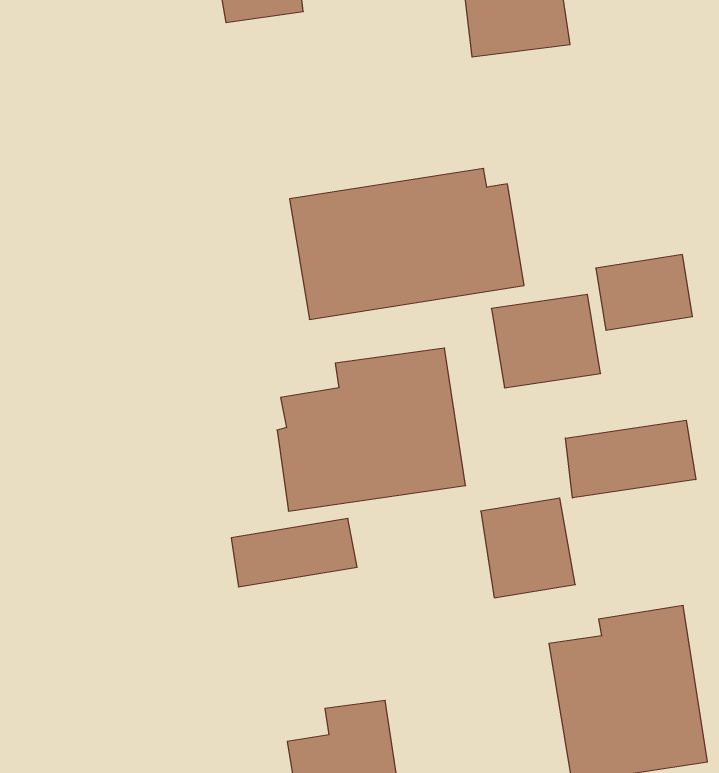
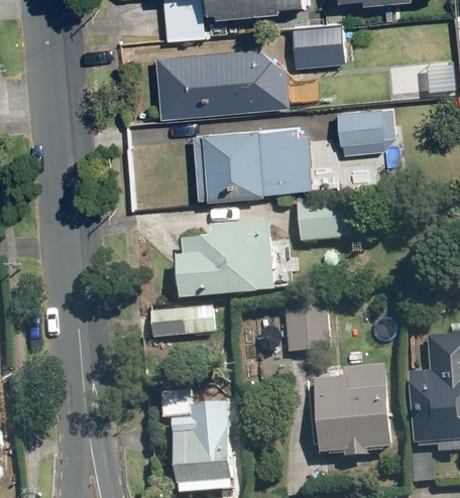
building: none -> [154,47,292,119]
building: [596,255,692,330] -> [336,108,385,145]
building: [565,420,696,498] -> none

